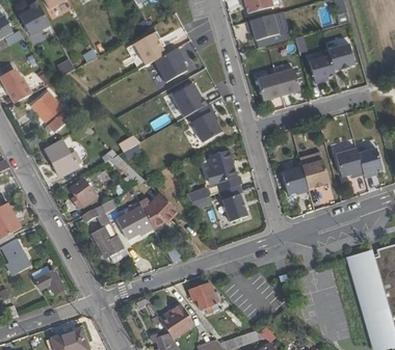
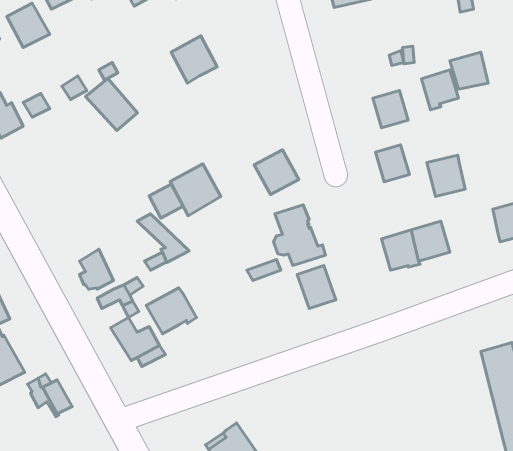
building: [251,12,279,37] -> none
building: [154,47,188,80] -> none
building: [258,74,282,100] -> [375,145,409,182]
building: [172,81,207,117] -> [170,164,221,216]
building: [33,92,70,129] -> [86,79,137,131]
building: [45,139,80,176] -> none
building: [337,146,364,176] -> [427,155,465,197]
building: [142,193,179,227] -> none
building: [189,282,216,307] -> none

